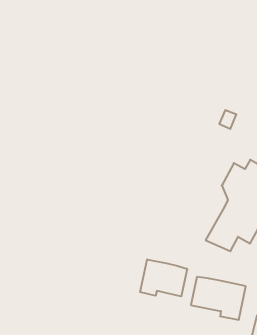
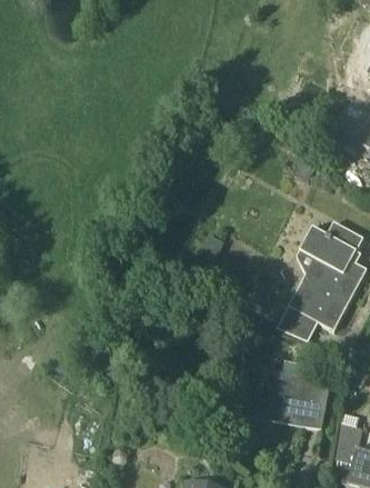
building: [140,259,187,296] -> none

